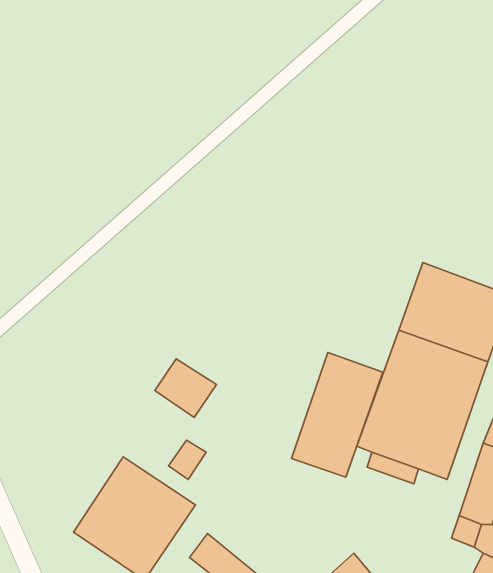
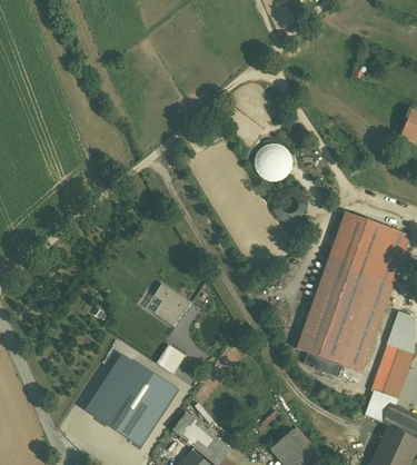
building: none -> [255,144,291,180]
building: none -> [272,187,306,221]
building: [291,353,383,477] -> none

